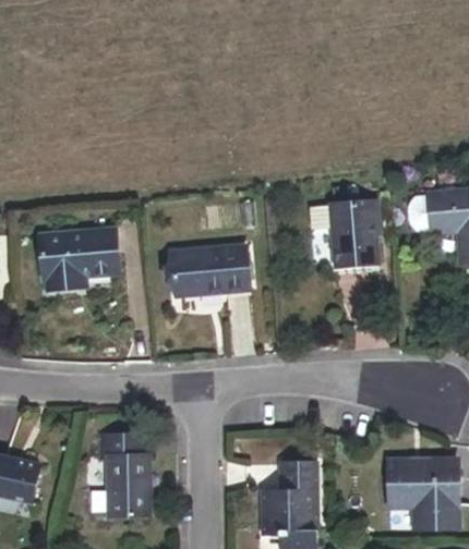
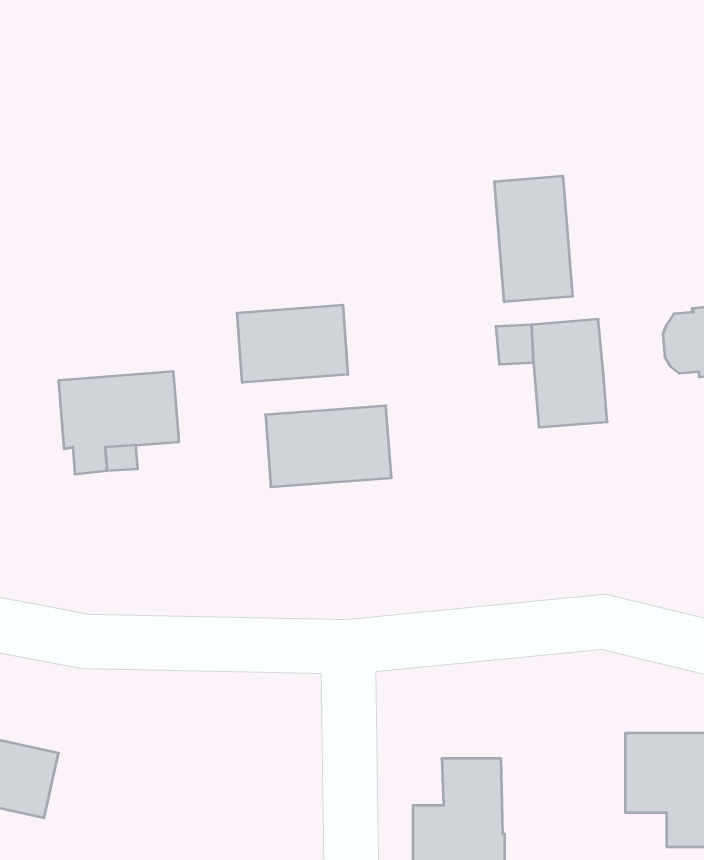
building: none -> [495,176,573,302]
building: none -> [237,305,348,383]
building: [95,432,152,514] -> none

